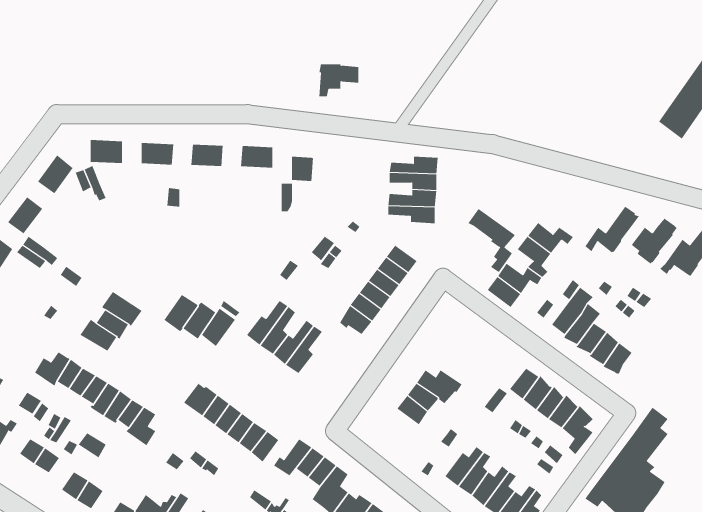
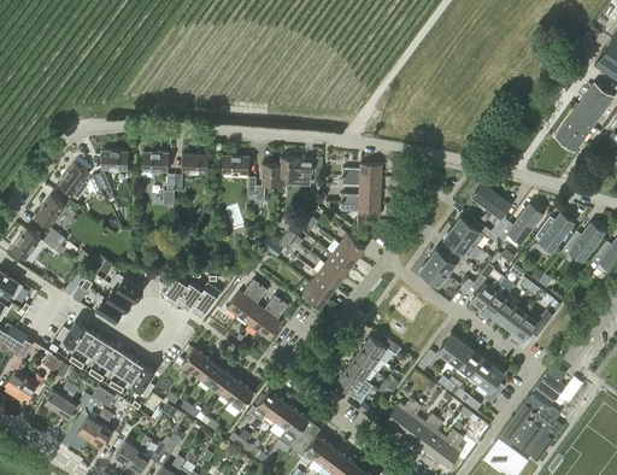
building: [319,64,359,97] -> [280,158,312,184]
building: [468,208,516,273] -> [472,184,511,236]
building: none -> [335,366,370,403]

